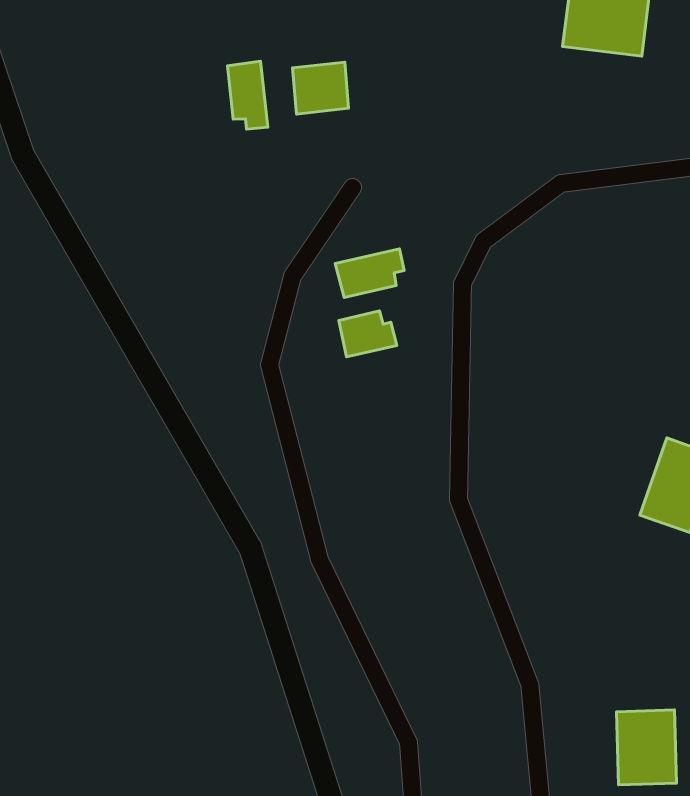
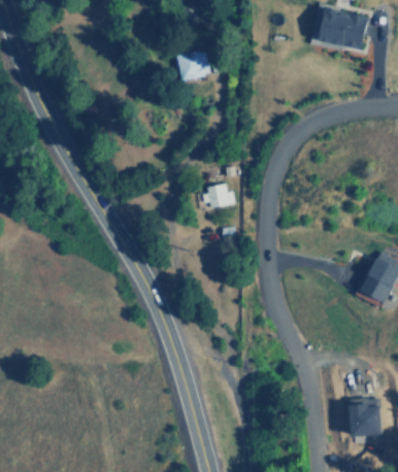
building: [227,61,268,129] -> none
building: [335,249,404,297] -> none

